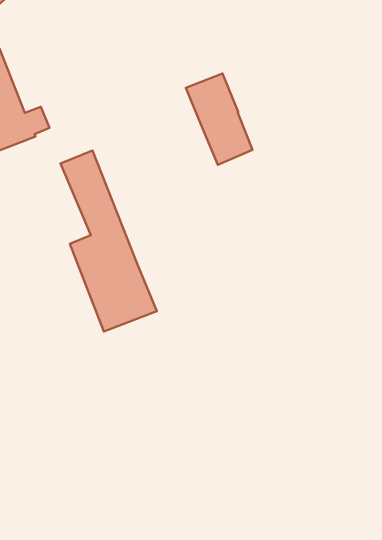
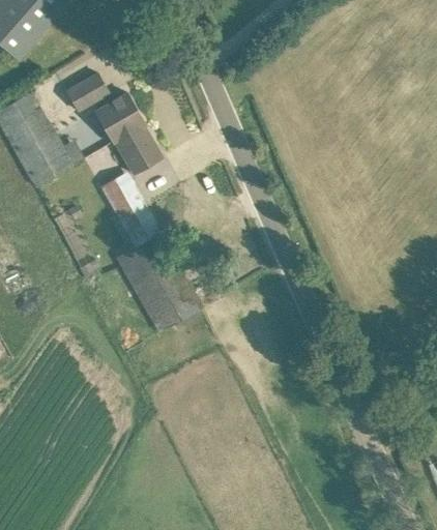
building: none -> [66,72,108,110]
building: [186,73,252,165] -> [94,91,162,173]

